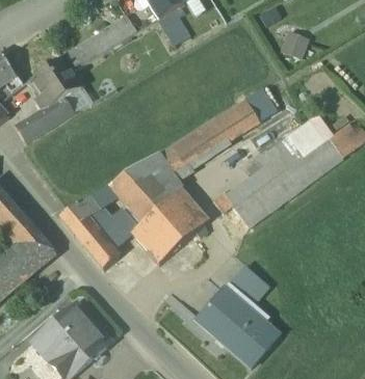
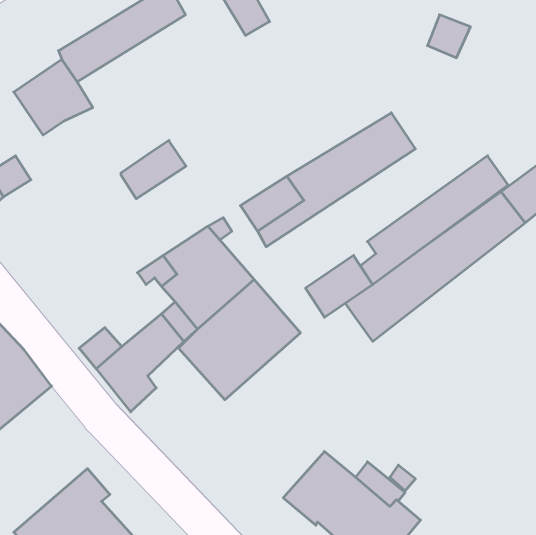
building: [34,94,74,130] -> [121,140,186,199]
building: [61,196,101,232] -> none
building: [233,266,268,300] -> none

